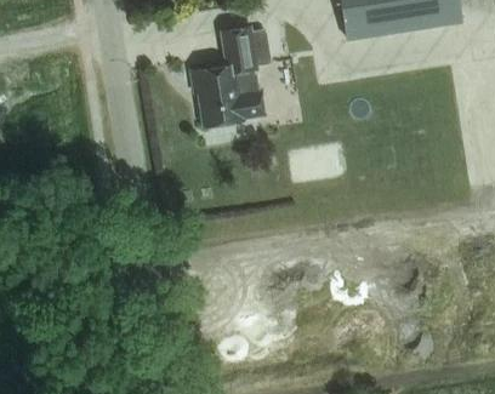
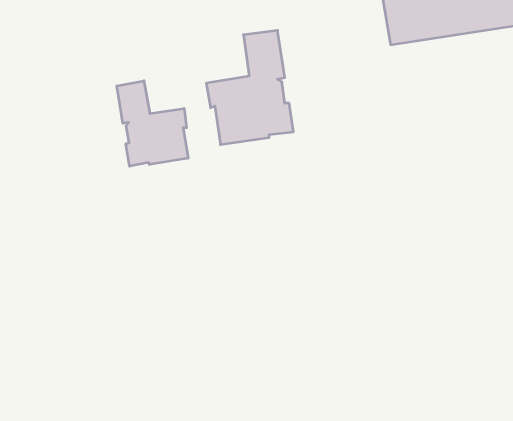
building: none -> [117,81,188,166]

